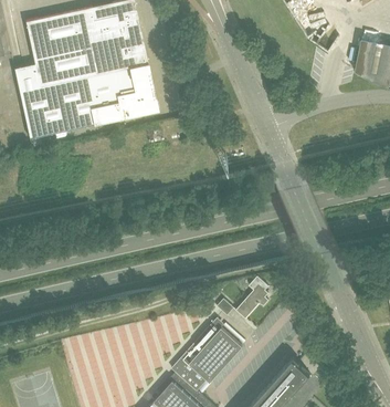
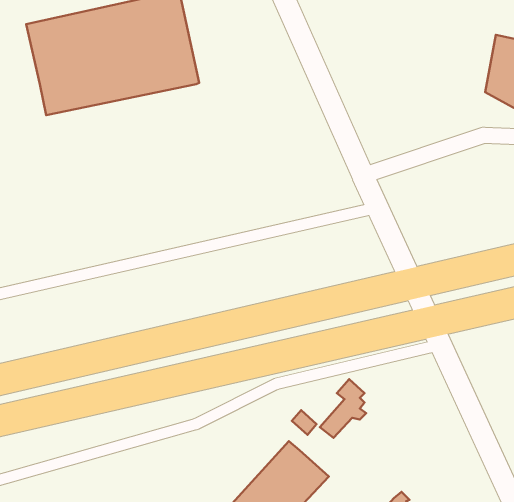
building: [14,64,160,138] -> none

